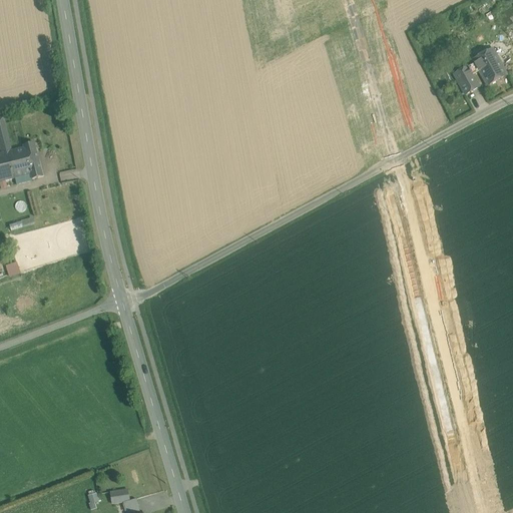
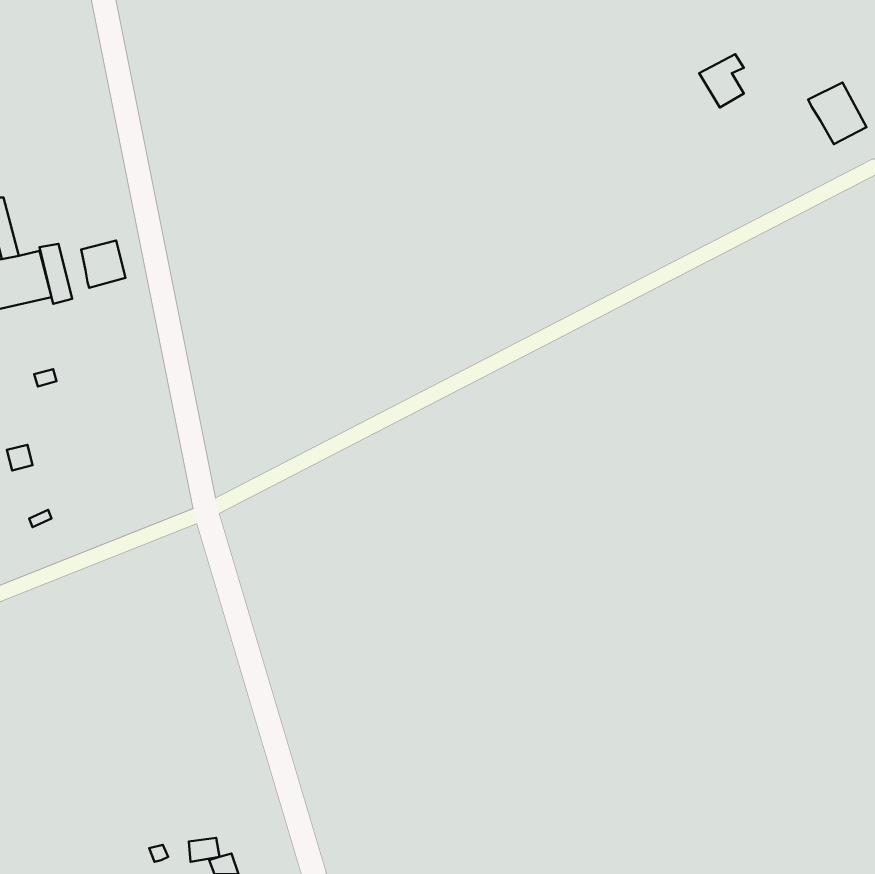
building: [453,62,479,93] -> [699,54,744,107]
building: none -> [81,240,125,288]

